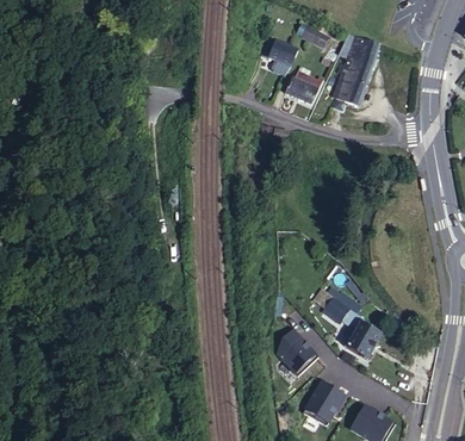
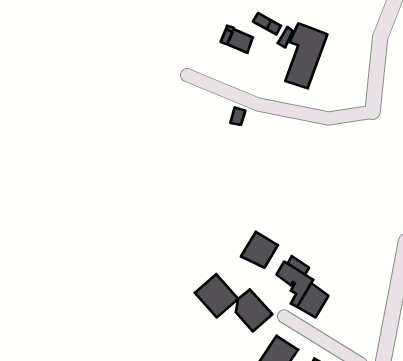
building: [285,67,322,104] -> none
building: none -> [241,232,278,268]
building: none -> [195,274,238,317]

